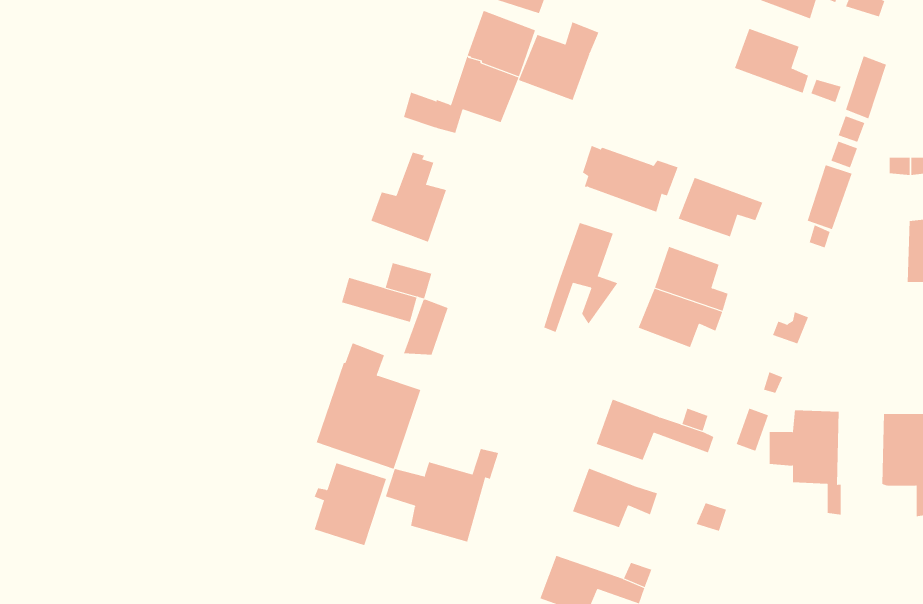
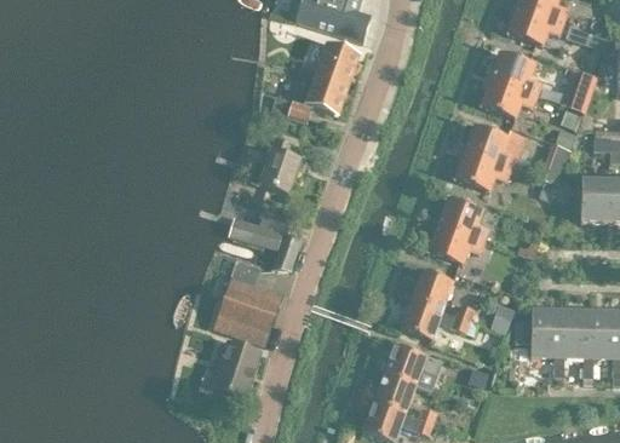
building: [518,21,599,101] -> none
building: none -> [481,77,538,117]
building: [582,145,679,213] -> [461,122,526,167]
building: none -> [580,178,608,220]
building: [543,222,618,333] -> none
building: none -> [411,269,453,310]
building: none -> [561,306,593,375]
building: [385,448,499,543] -> none
building: none -> [373,373,415,413]

